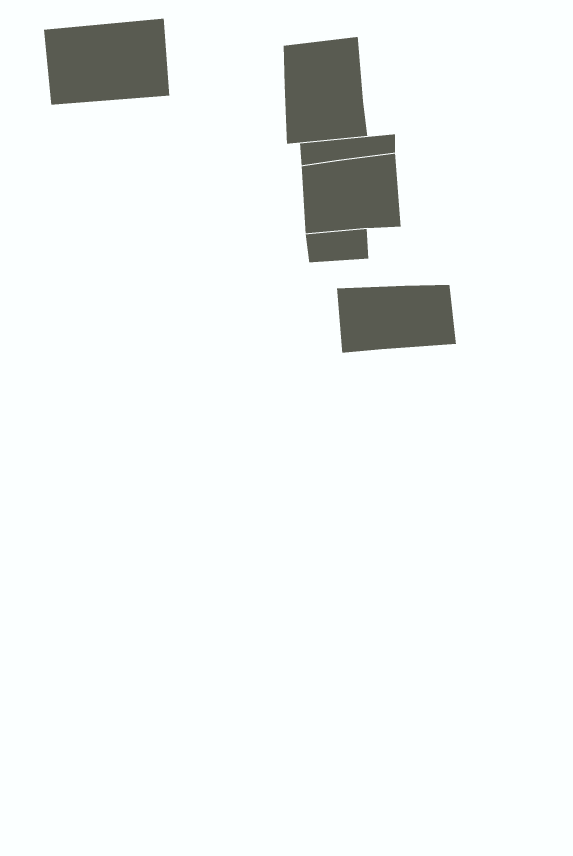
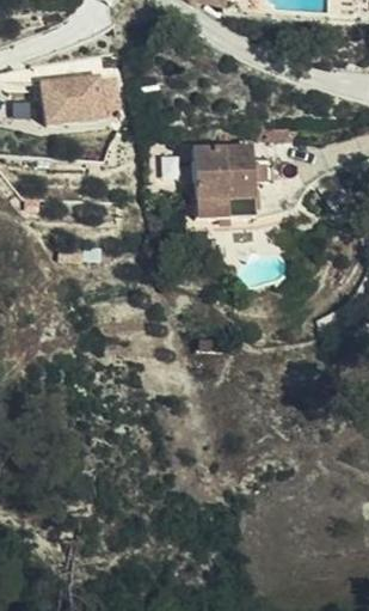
building: [283,36,368,144] -> none
building: [336,284,456,354] -> none

